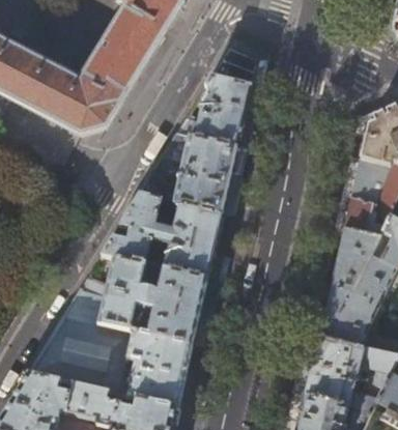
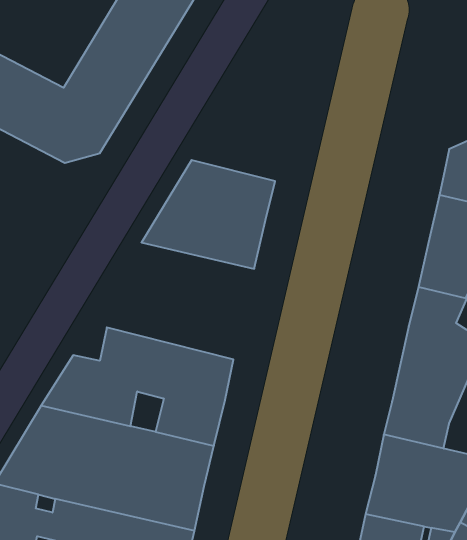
building: [176,45,259,146] -> none
building: [103,192,223,279] -> none

